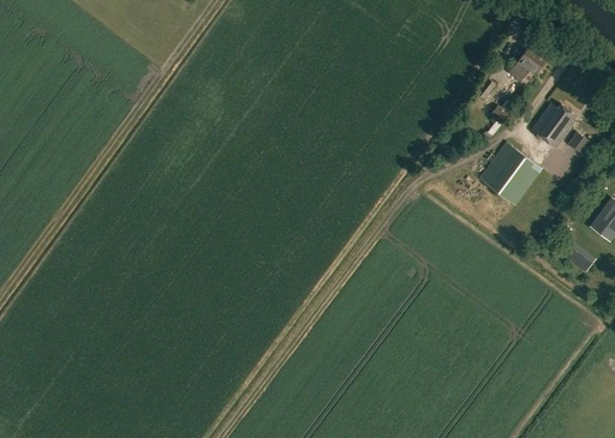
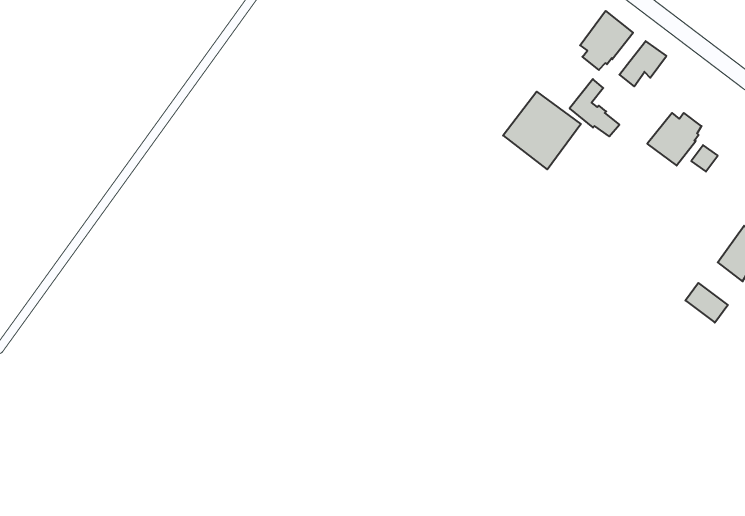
building: none -> [580,11,633,70]
building: [479,142,543,205] -> [503,92,581,169]

